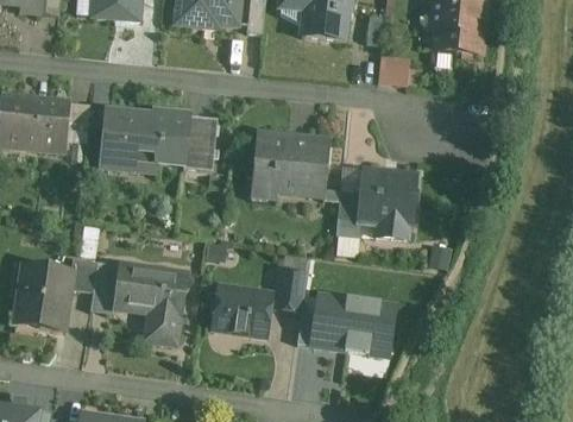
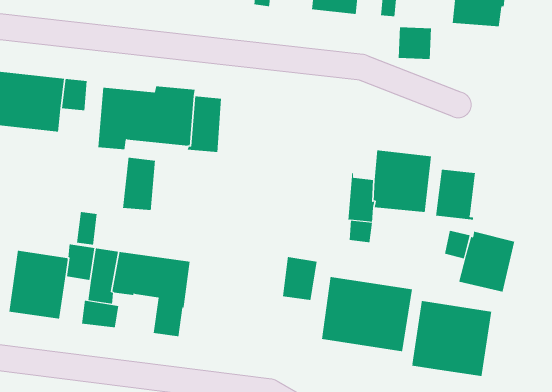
building: [251,130,330,199] -> none
building: none -> [122,157,156,211]
building: none -> [436,169,475,220]
building: none -> [458,231,515,292]
building: [210,286,271,336] -> none
building: none -> [82,300,119,328]
building: none -> [411,300,492,377]

